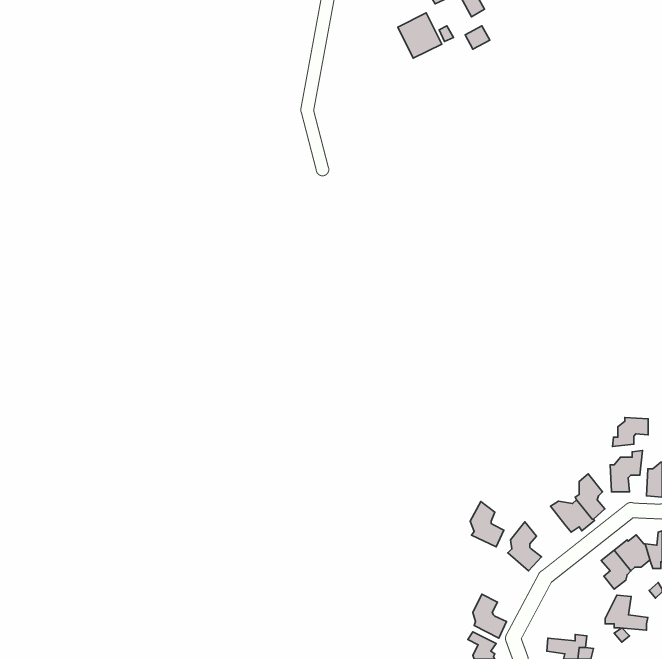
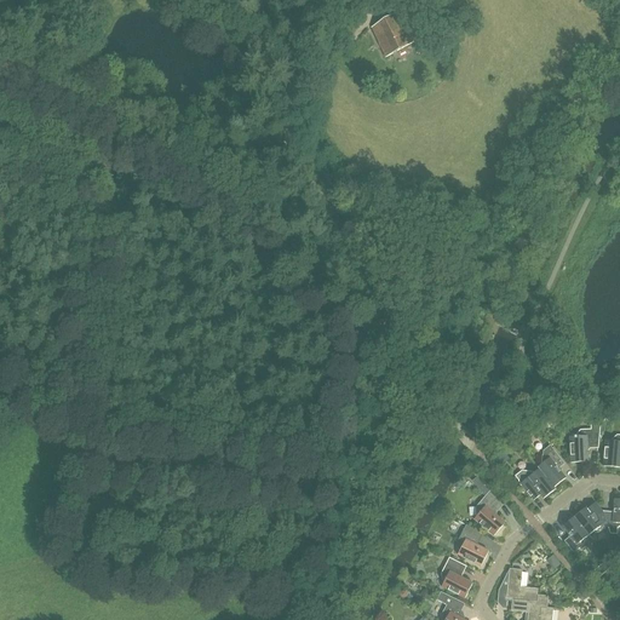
building: [612,418,648,447] -> none
building: [470,502,504,547] -> [458,522,489,564]
building: [605,595,648,630] -> [499,567,539,599]

